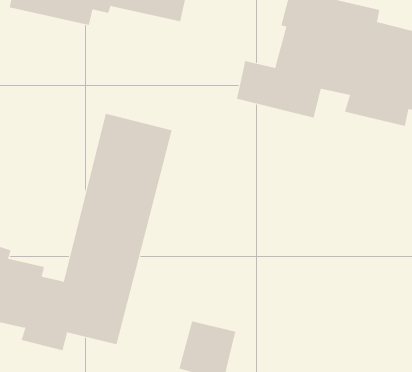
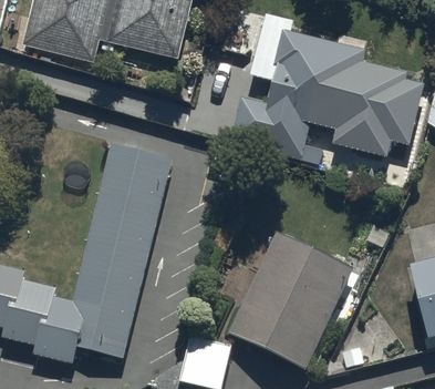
building: none -> [228,231,353,368]

